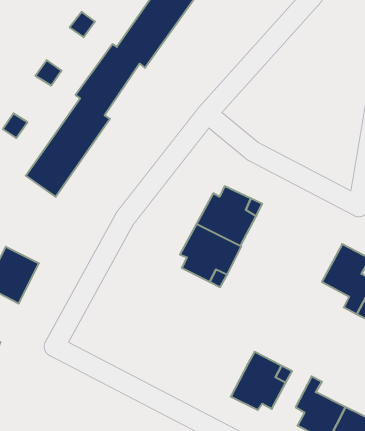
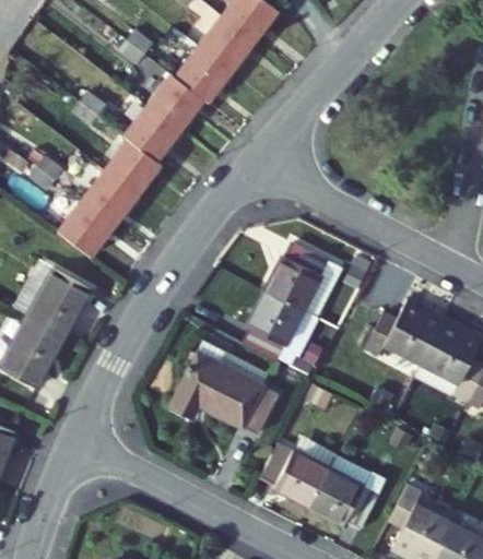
building: none -> [28,274,93,343]
building: none -> [363,299,448,366]
building: none -> [168,337,278,432]
building: none -> [263,433,339,509]

